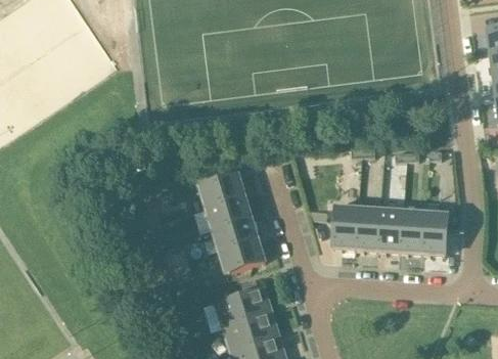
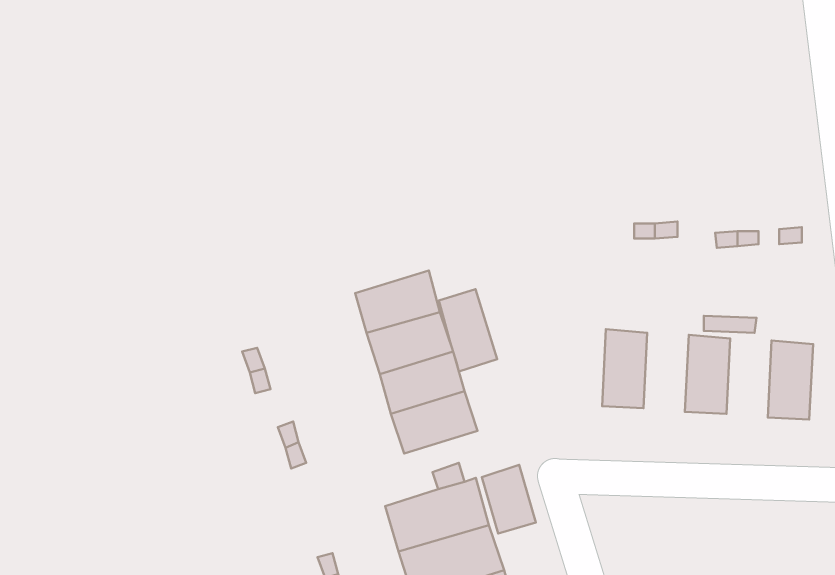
building: none -> [439,289,497,371]
building: [355,208,379,251] -> none
building: [400,211,424,254] -> none
building: none -> [482,465,536,533]

